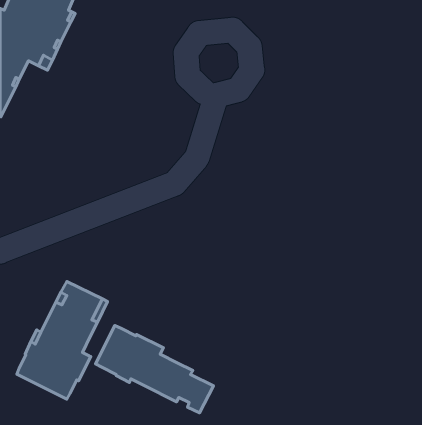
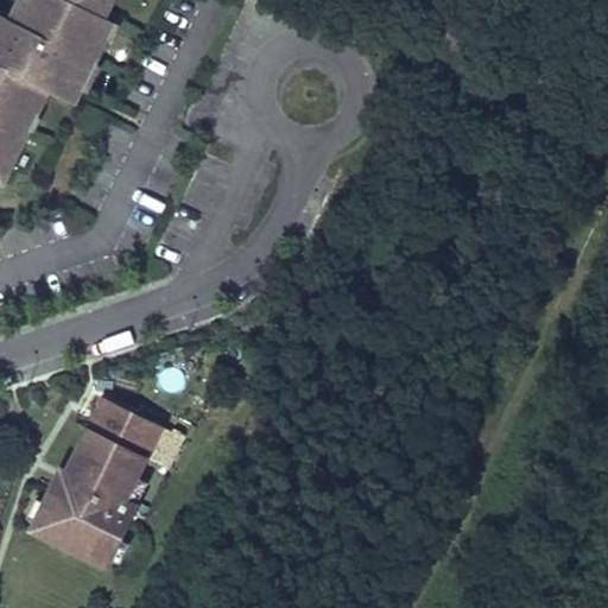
building: [96,326,214,413] -> none

